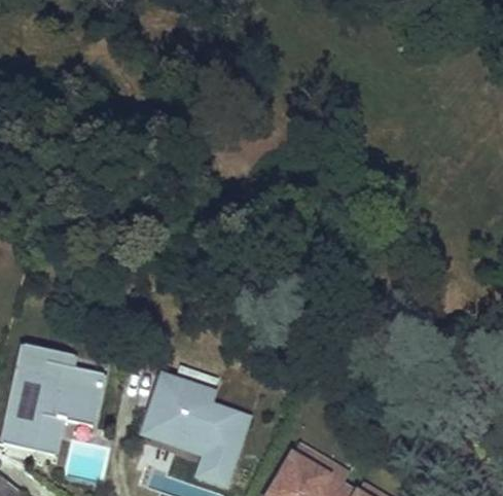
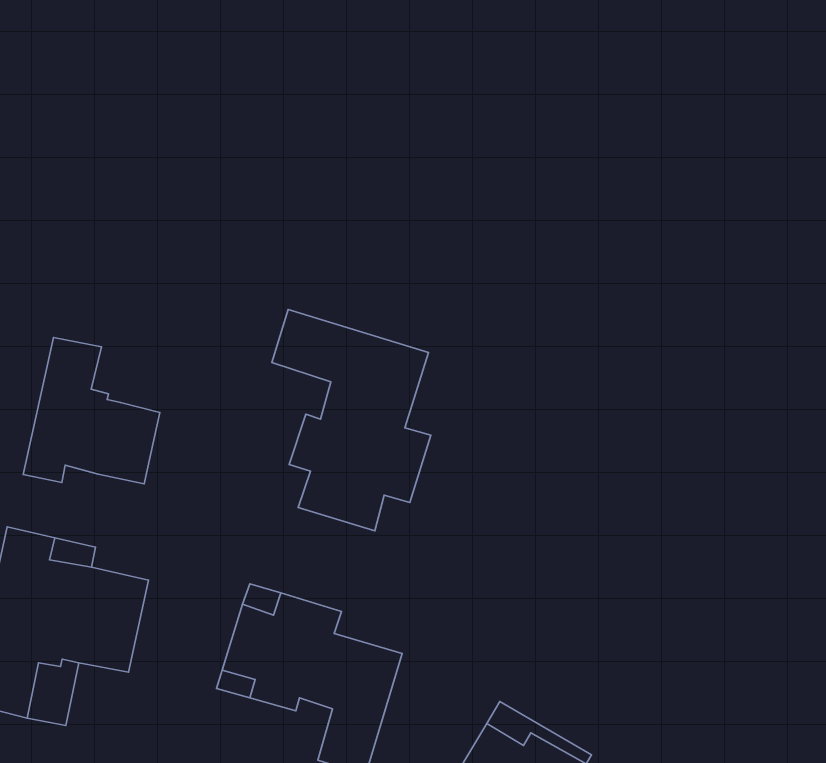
building: none -> [272,309,431,531]
building: none -> [23,338,160,484]

